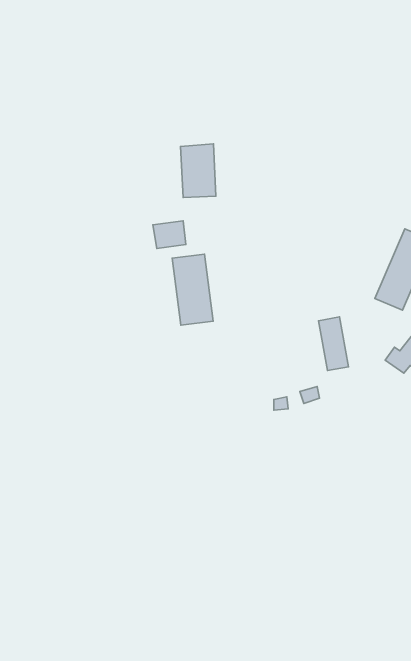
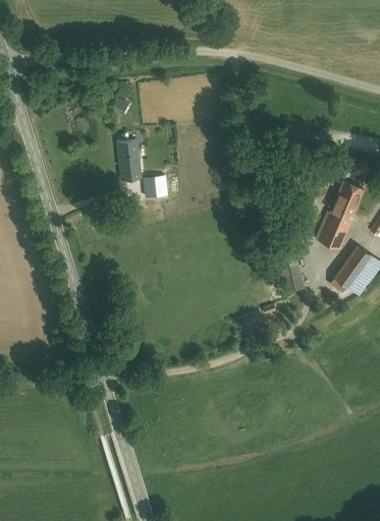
building: [181,144,216,198] -> [112,133,140,175]
building: [172,254,213,325] -> none

